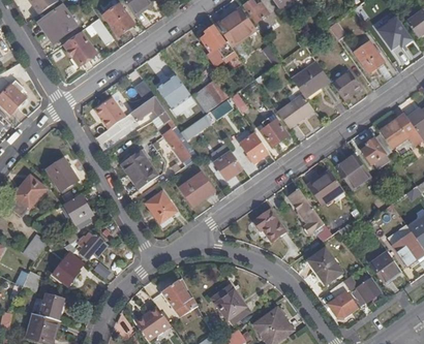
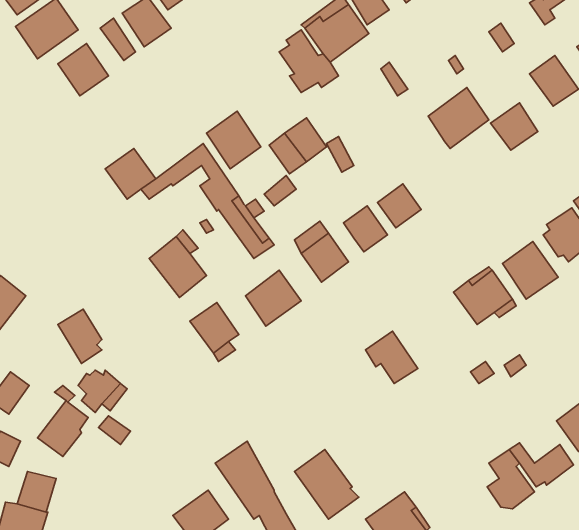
building: [278,93,313,126] -> none
building: [46,157,78,190] -> none
building: [287,187,324,232] -> none
building: [308,248,342,283] -> none

